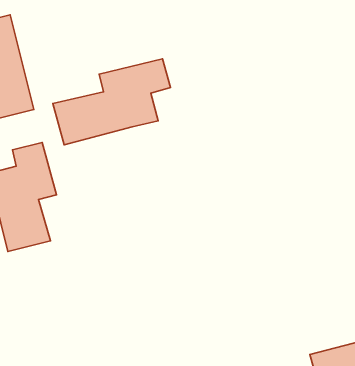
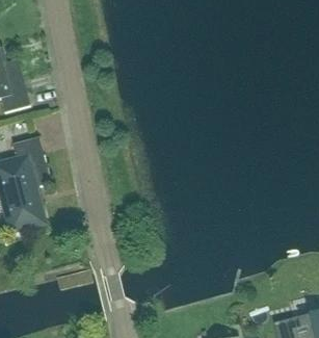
building: [53,59,170,145] -> none

